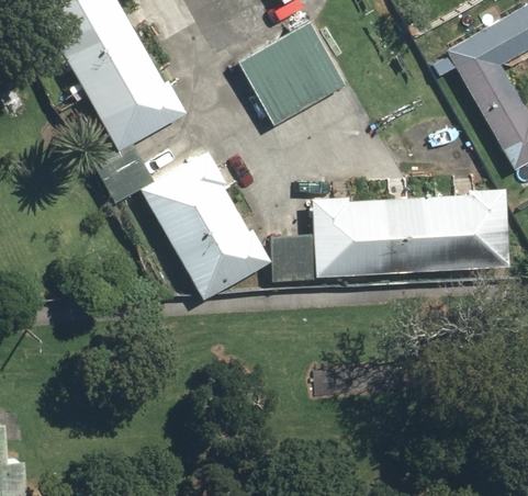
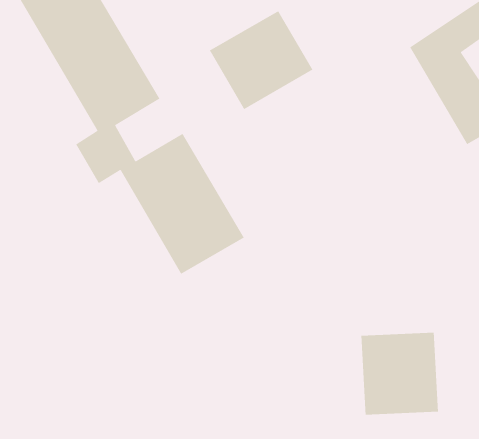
building: [272,191,507,283] -> none
building: none -> [361,332,439,415]

